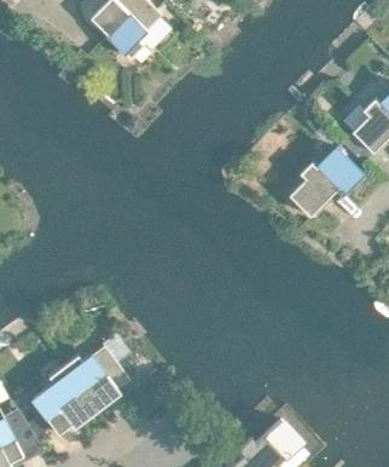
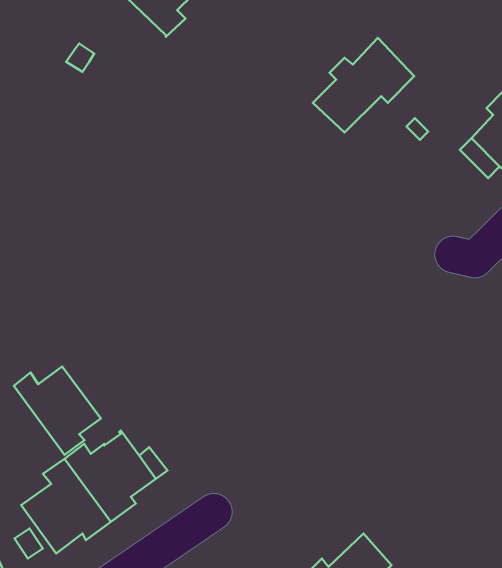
building: [289,146,362,215] -> [313,38,414,133]
building: none -> [14,366,101,455]

